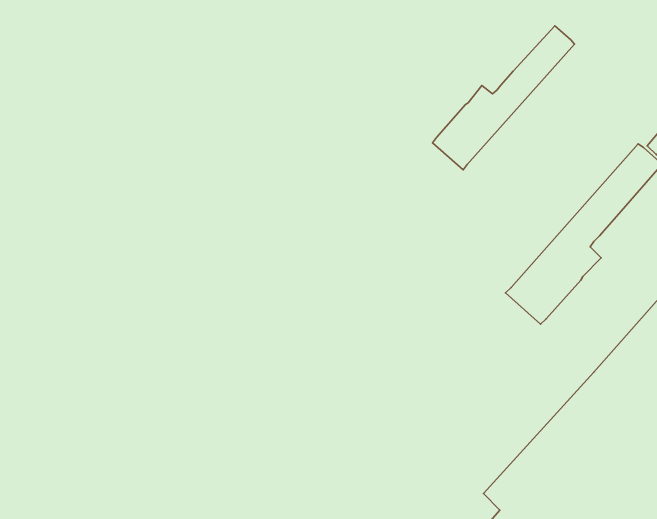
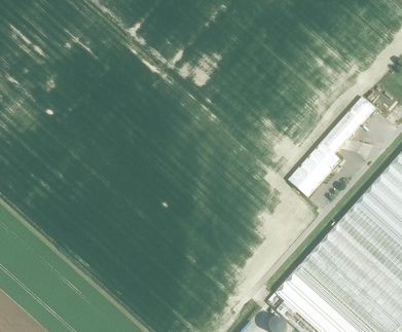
building: [432,26,575,170] -> none

